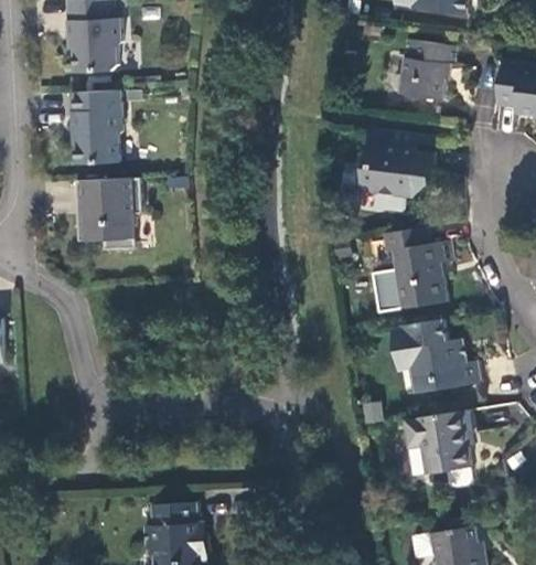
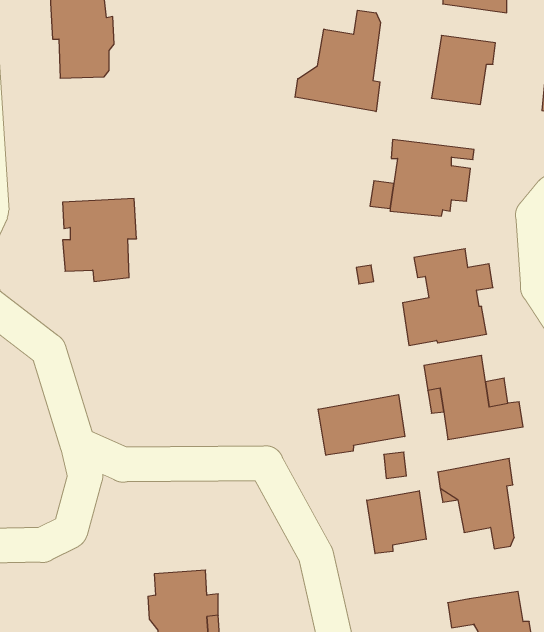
building: none -> [295,10,381,112]
building: [69,93,120,167] -> none
building: none -> [318,395,405,455]
building: none -> [367,491,426,554]

